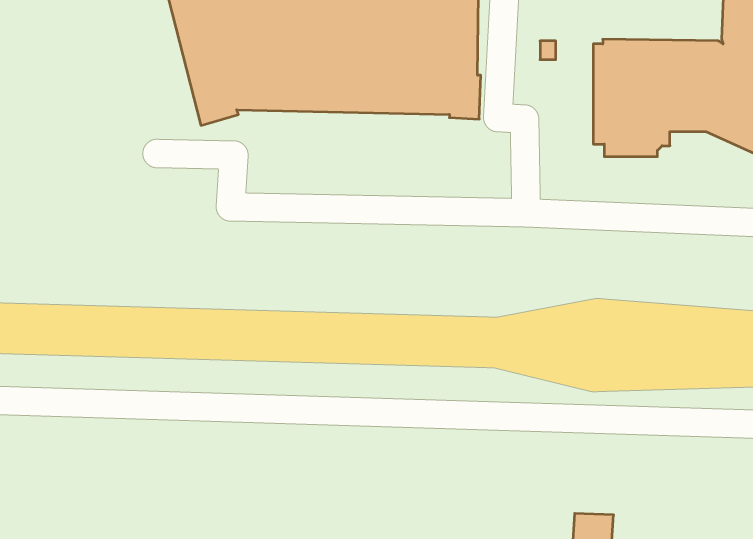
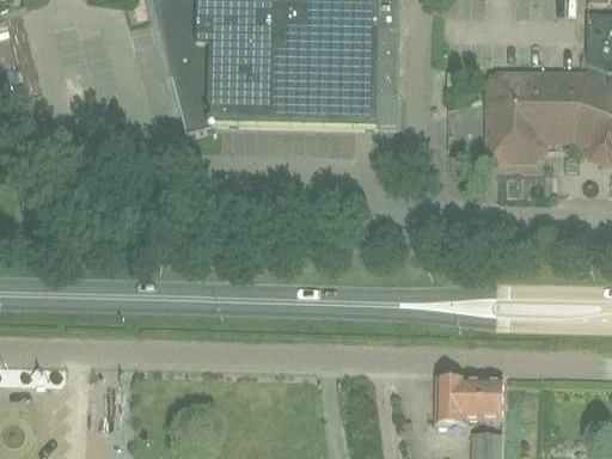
building: none -> [435,374,502,424]

